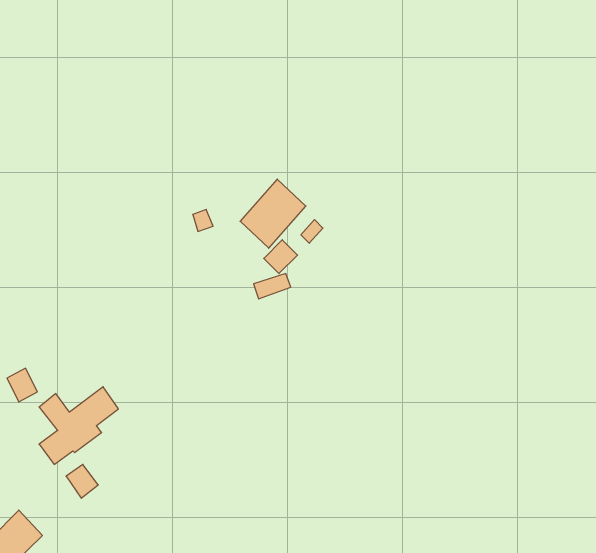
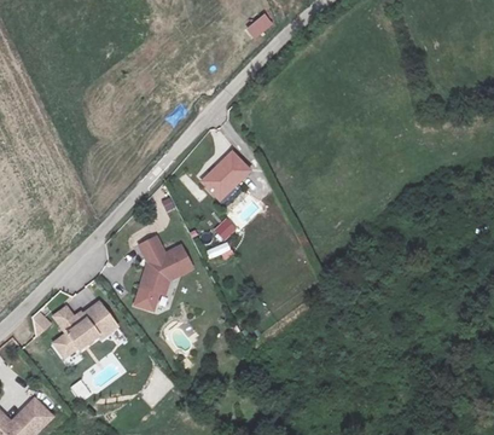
building: none -> [136,240,190,296]

